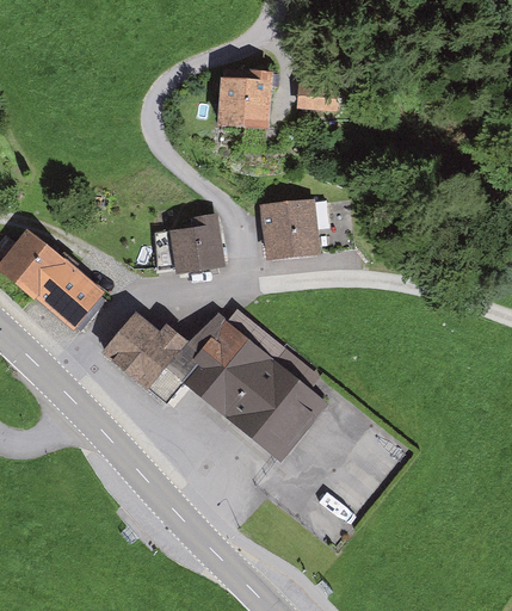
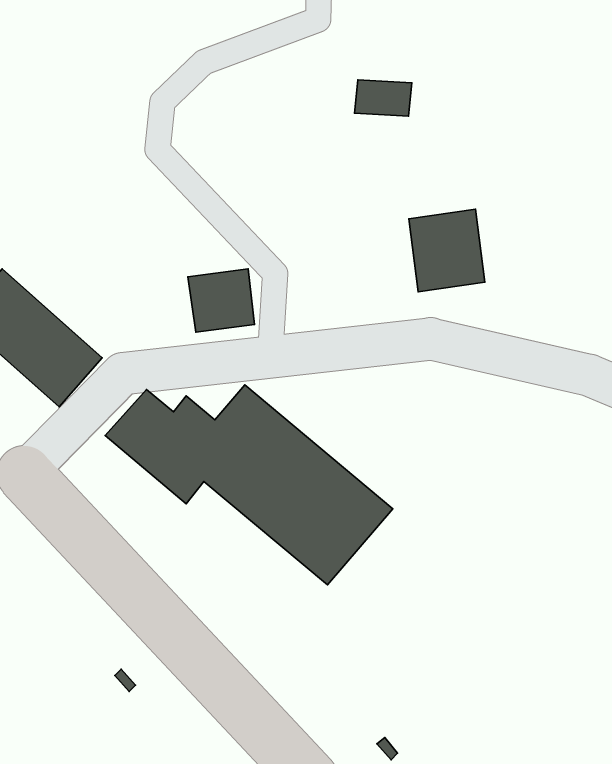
building: [218,70,274,126] -> none
building: [263,199,320,261] -> [409,209,485,292]

